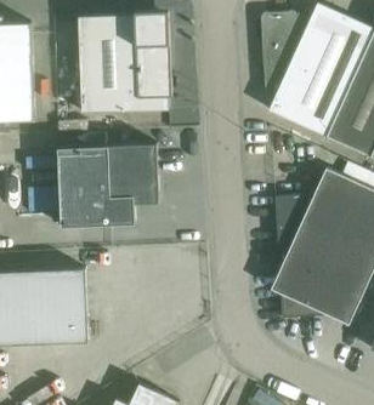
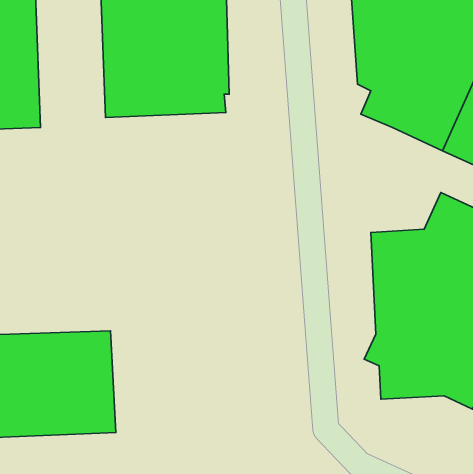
building: [58,144,160,228] -> none

